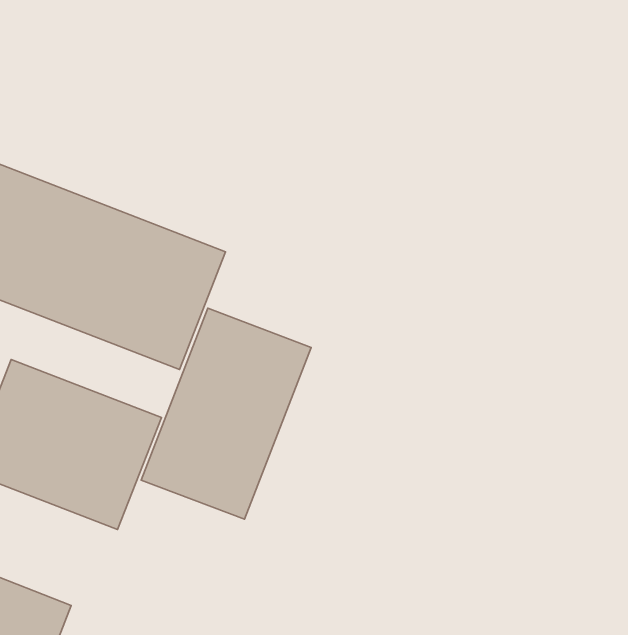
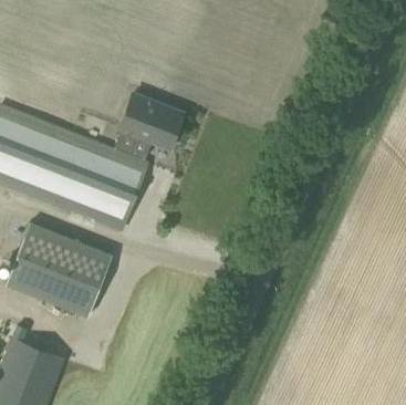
building: none -> [116,93,184,159]
building: [141,308,311,519] -> none

